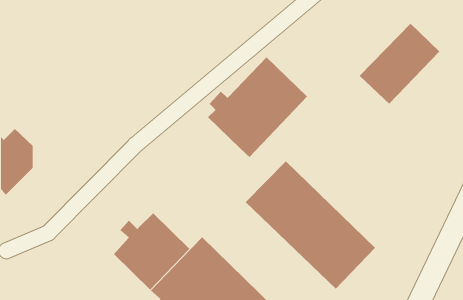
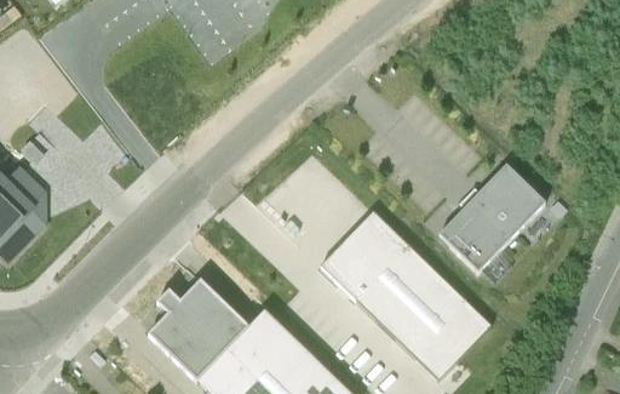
building: [359,23,440,104] -> [438,165,545,272]
building: [207,57,308,158] -> none

